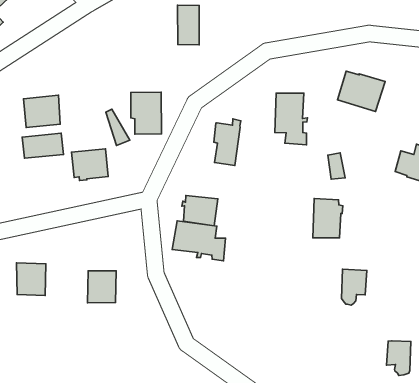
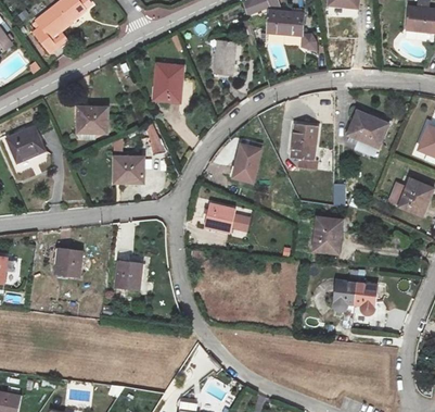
building: [131,92,162,134] -> [154,63,182,101]
building: [22,133,64,158] -> none
building: [172,221,226,261] -> none
building: [387,341,411,375] -> [354,283,376,313]

